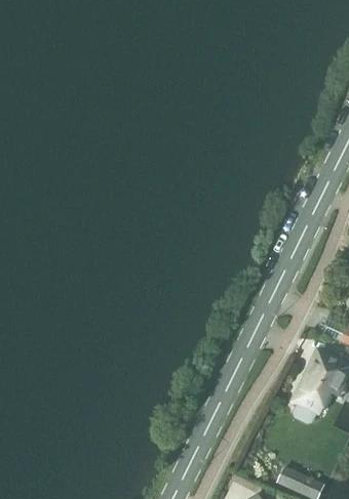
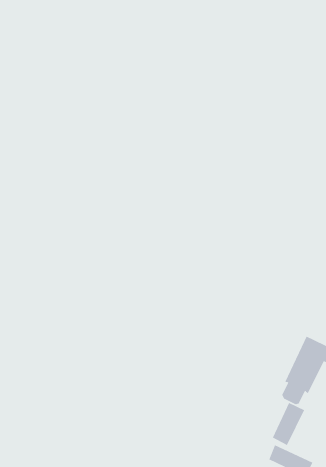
building: none -> [272,402,305,446]

